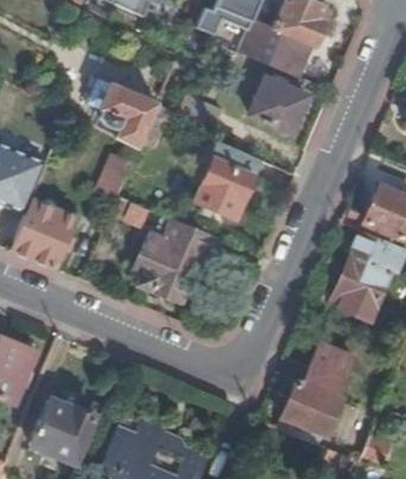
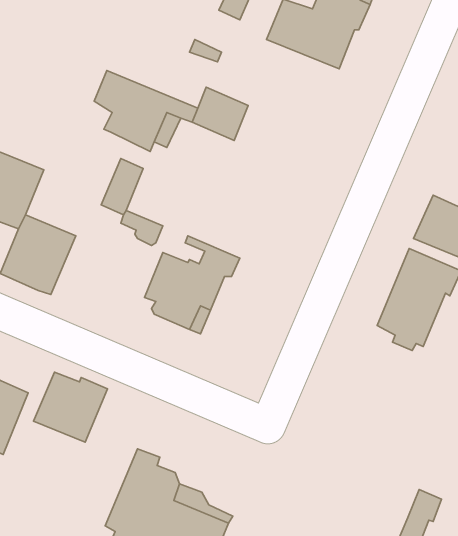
building: [250,79,307,133] -> none
building: [195,142,260,220] -> none
building: [277,343,352,446] -> none
building: [31,404,94,463] -> [33,372,108,442]

